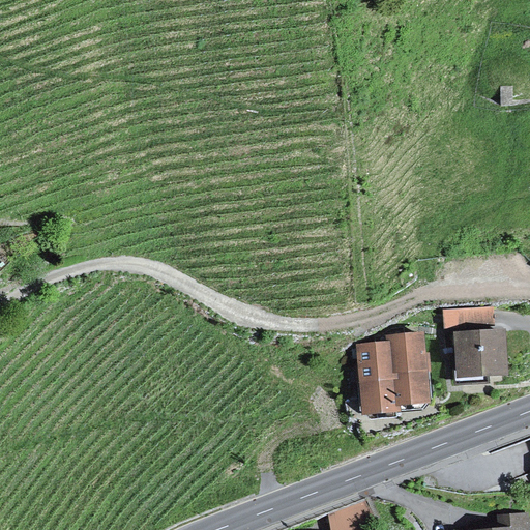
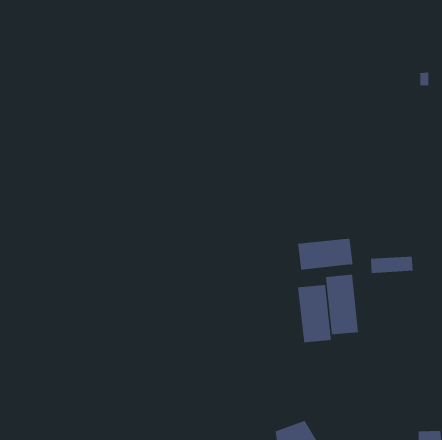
building: none -> [297,238,353,271]
building: [454,330,507,376] -> none

